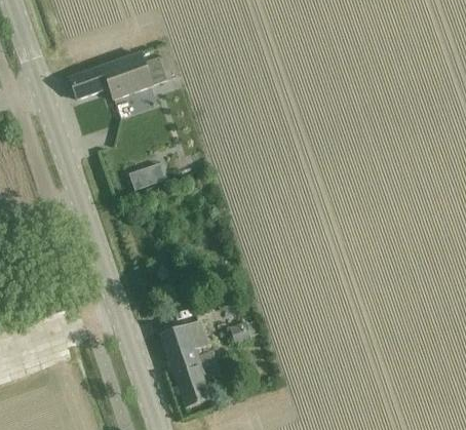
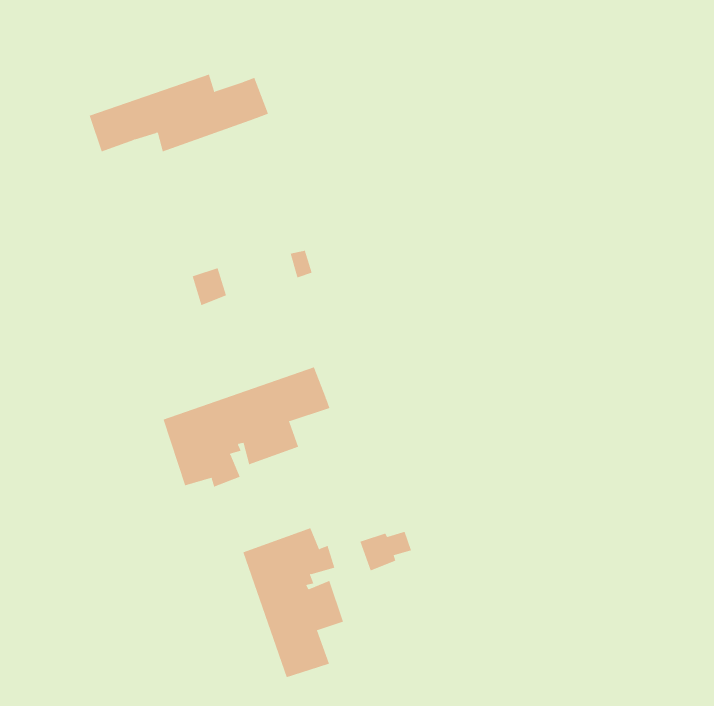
building: none -> [163,367,330,487]

